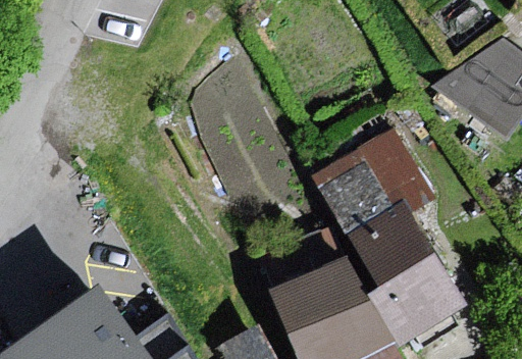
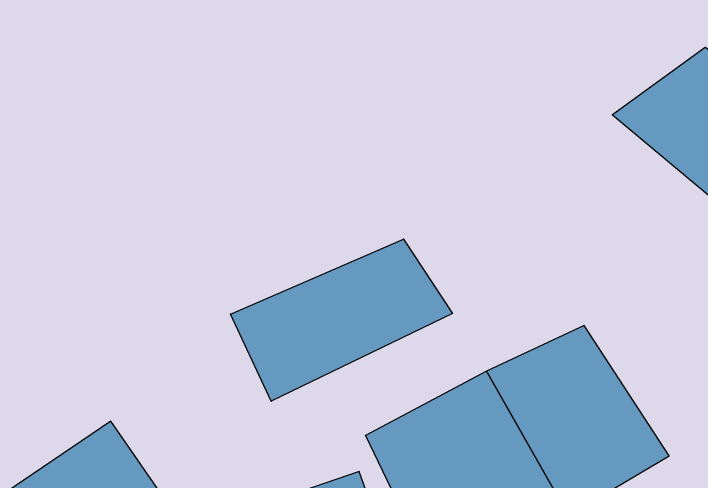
building: [314,129,435,253] -> none
building: none -> [230,239,452,401]

